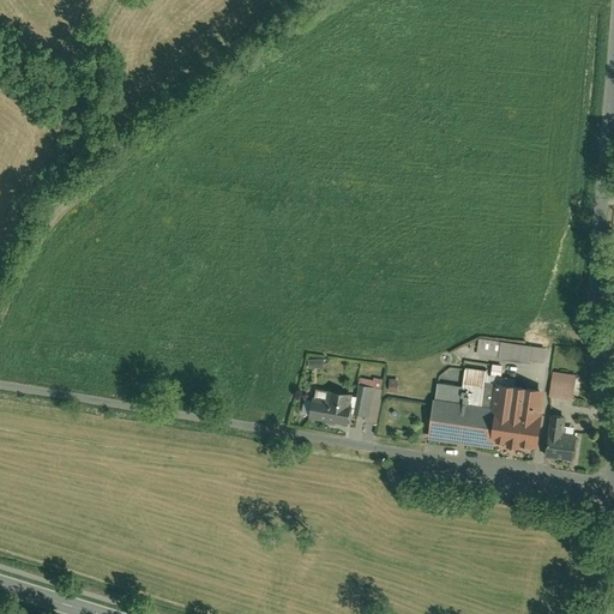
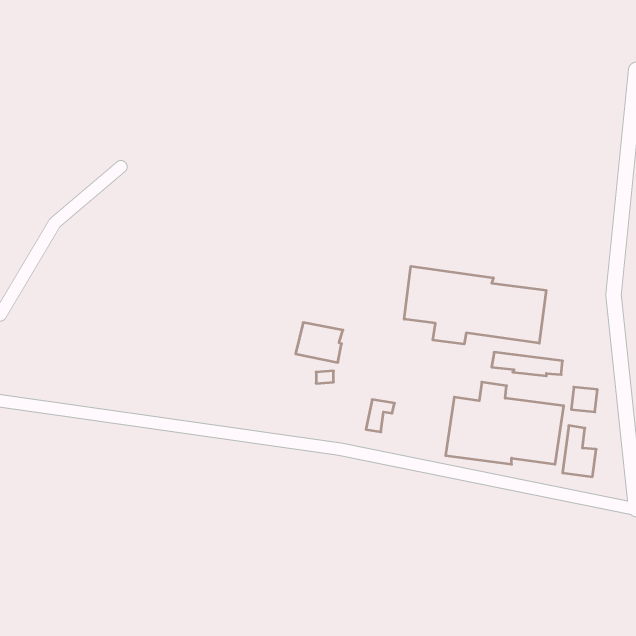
building: none -> [404,266,546,344]
building: [307,389,353,427] -> [296,323,343,362]

